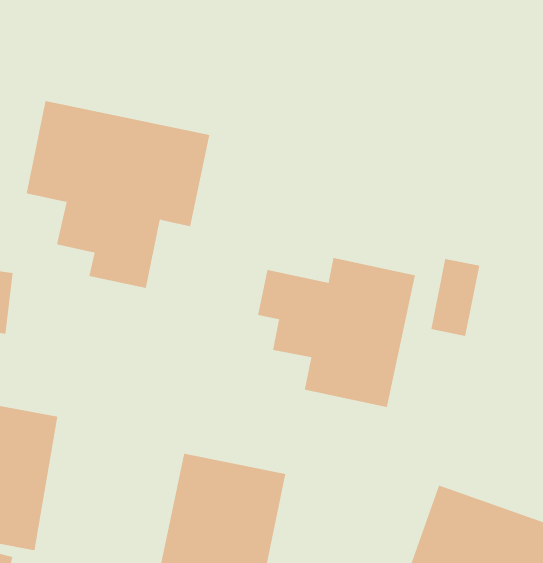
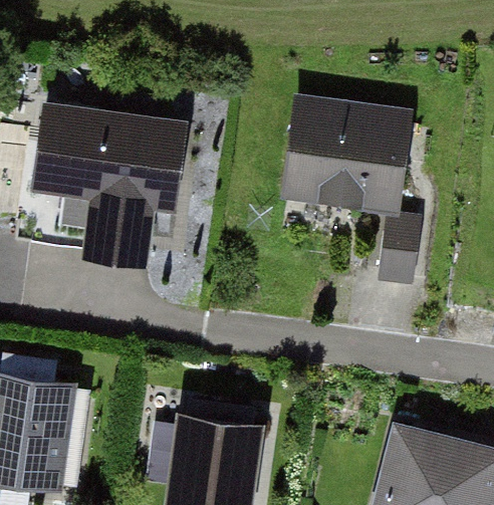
building: none -> [287,109,405,212]
building: [257,257,415,408] -> none

